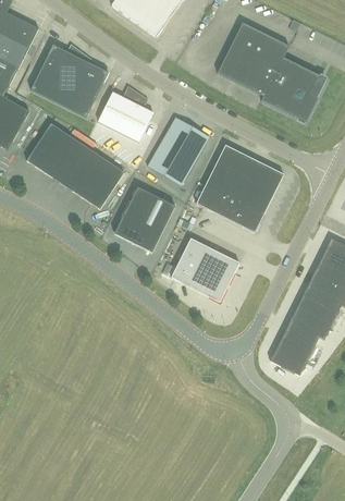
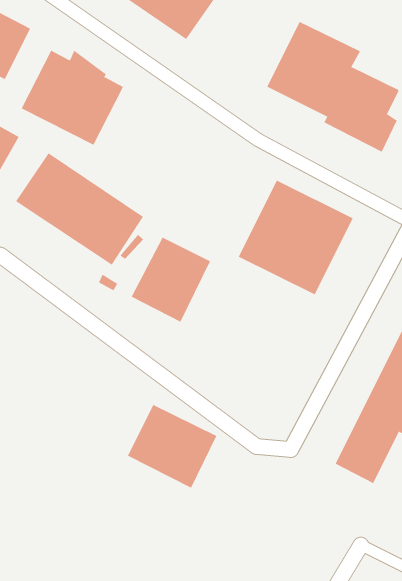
building: [98,86,153,142] -> none
building: [148,118,209,185] -> none
building: [168,231,236,295] -> [127,404,217,489]

